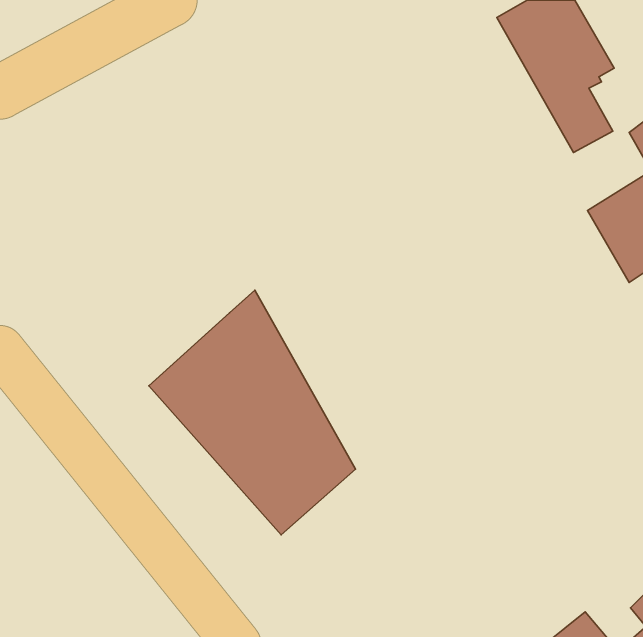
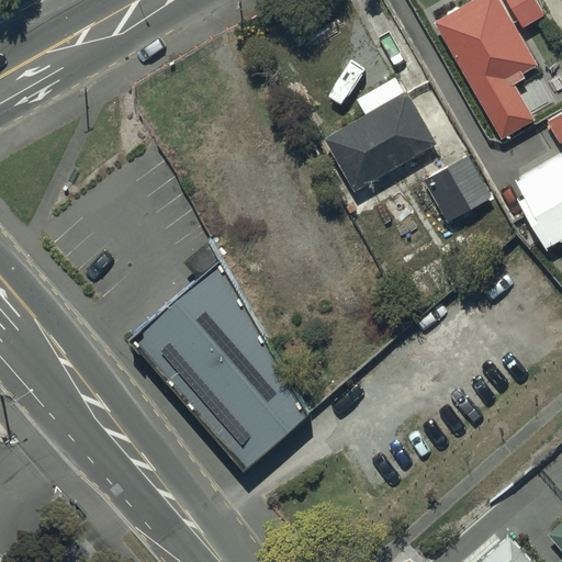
building: none -> [322,77,436,190]
building: none -> [425,156,494,225]

